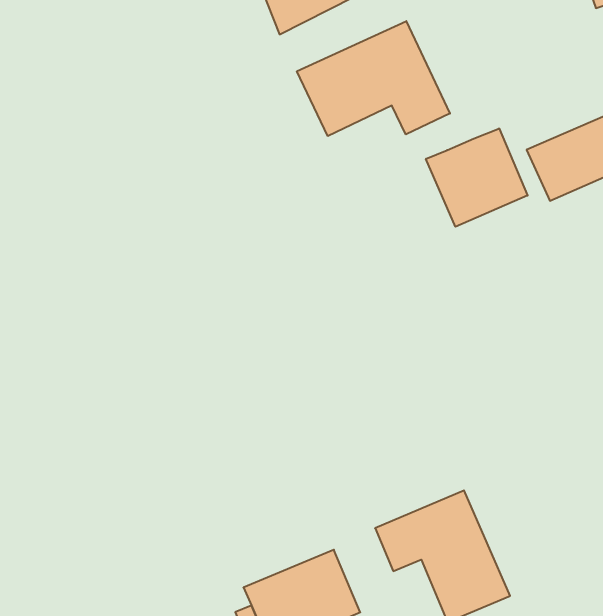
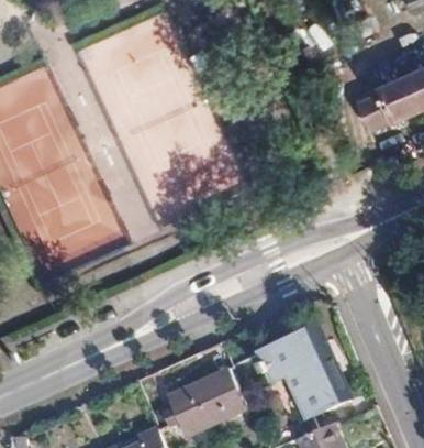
building: [297,21,450,136] -> none
building: [426,128,528,227] -> none

